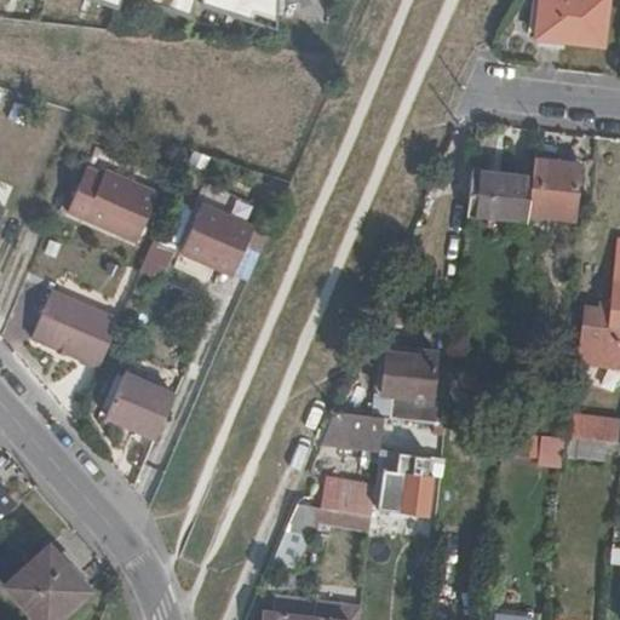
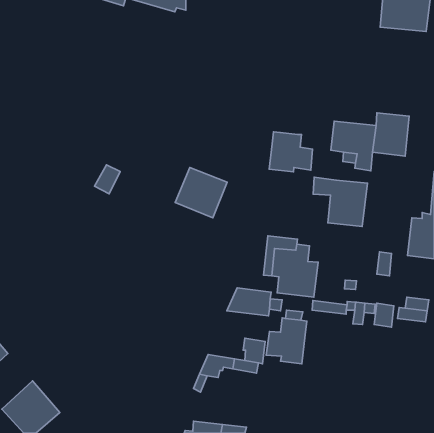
building: [67,171,157,243] -> none
building: none -> [269,132,313,172]
building: [180,206,254,277] -> [175,168,227,218]
building: none -> [313,177,368,227]
building: [33,293,120,372] -> none
building: [103,380,172,443] -> none

